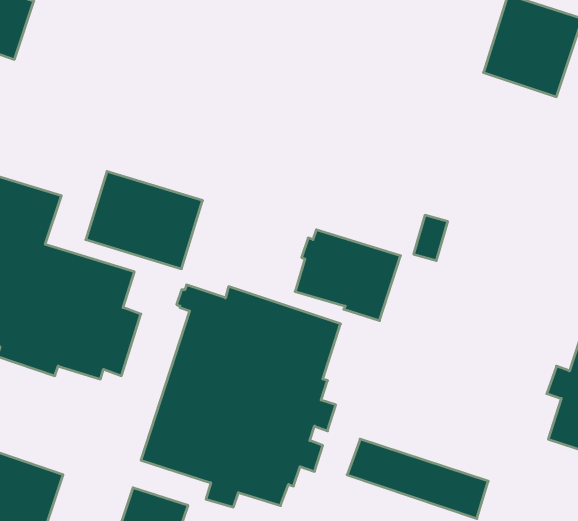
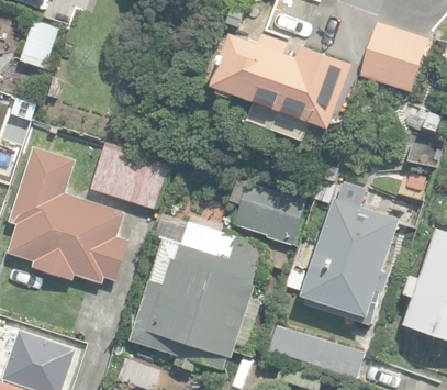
building: none -> [211,34,350,129]
building: none -> [286,181,400,325]

